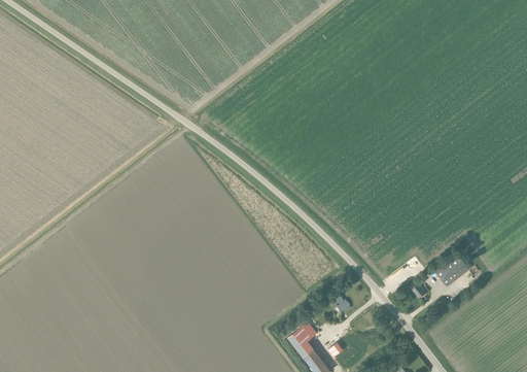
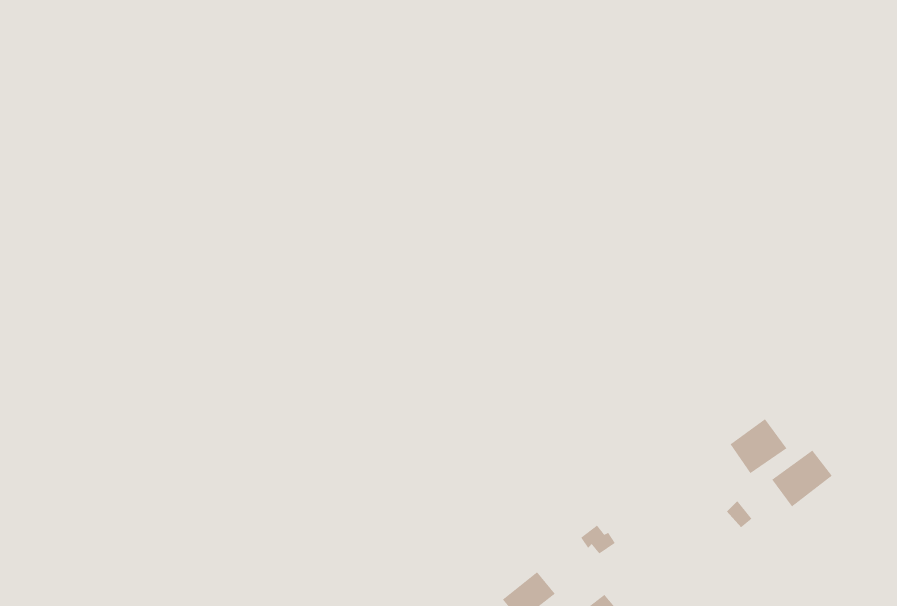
building: none -> [730,418,787,474]

